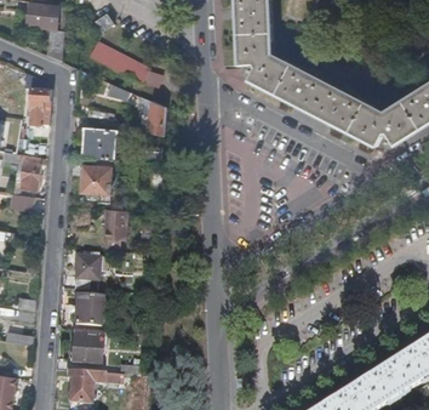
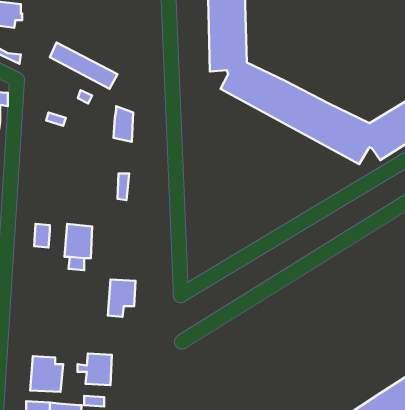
building: [84,126,113,158] -> none
building: [81,164,113,201] -> none
building: [74,255,99,289] -> [108,280,136,317]
building: [67,295,98,324] -> [77,353,112,385]

